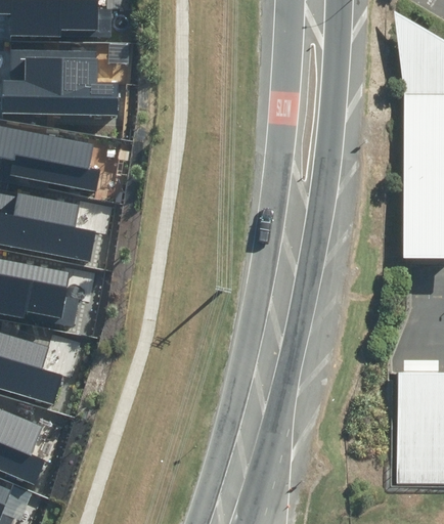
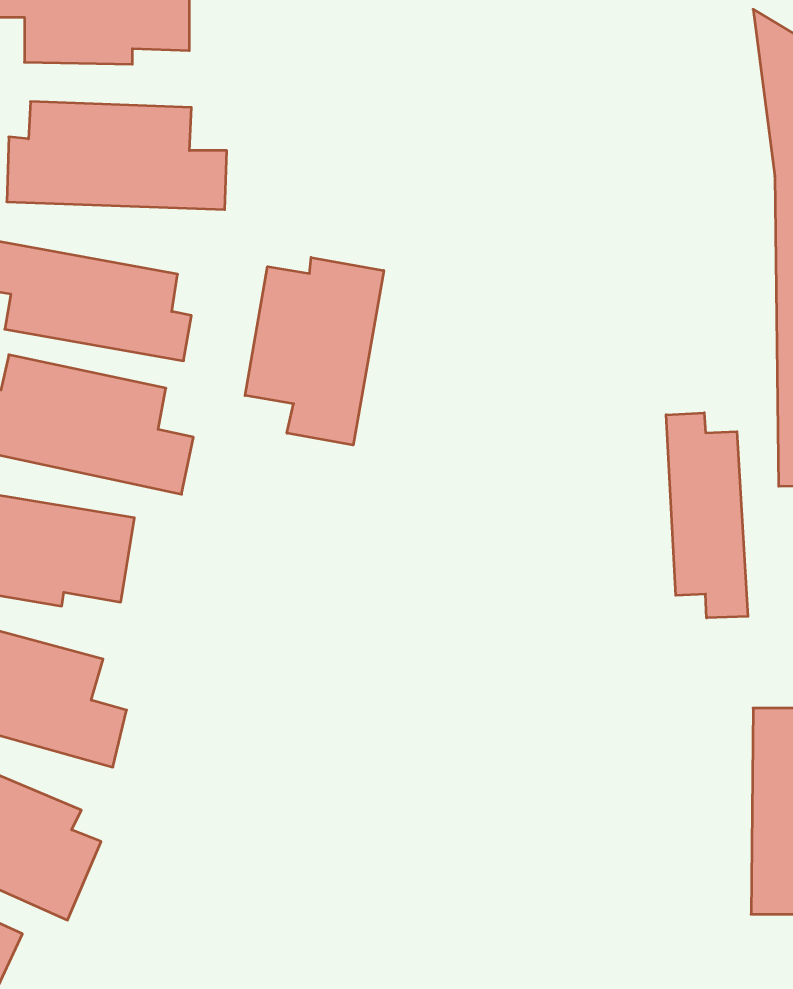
building: none -> [245,257,384,445]
building: none -> [666,413,748,618]

